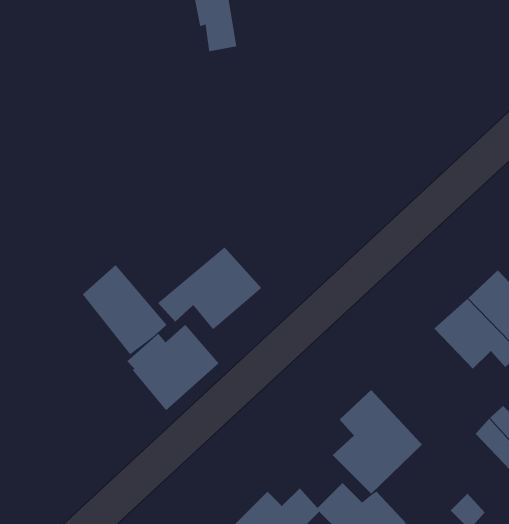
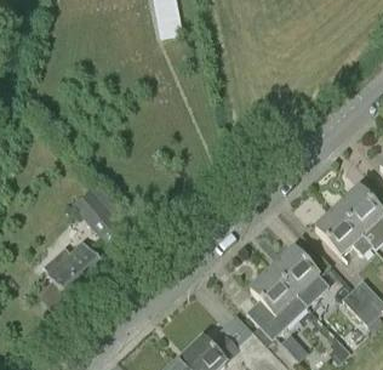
building: [157,246,262,330] -> none
building: [126,324,219,411] -> [42,240,105,300]
building: none -> [271,246,327,303]

